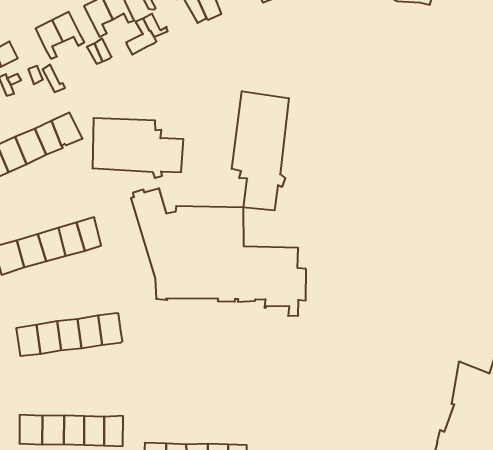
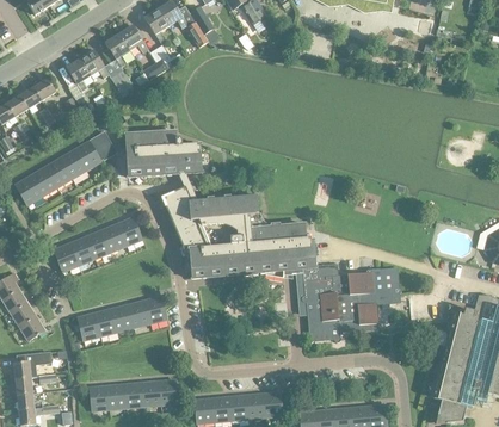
building: [232,91,289,210] -> none
building: none -> [301,267,402,335]

